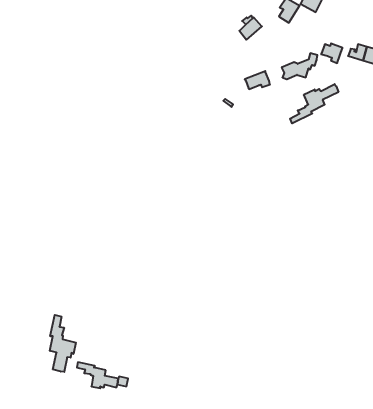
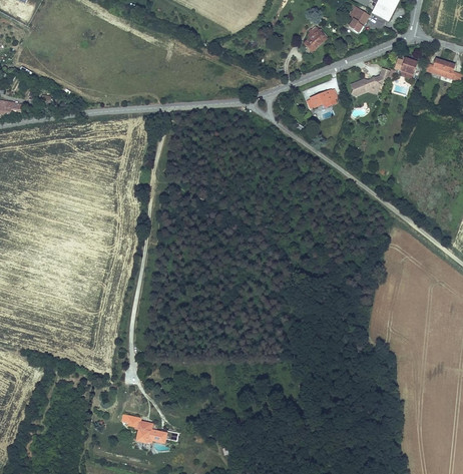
building: [290,84,338,123] -> none
building: [50,315,76,372] -> none

